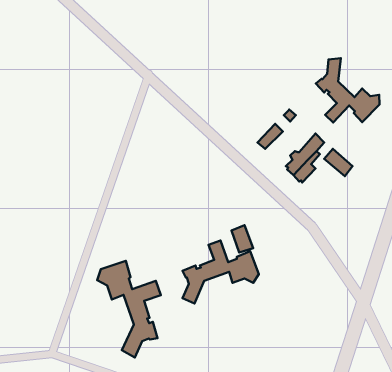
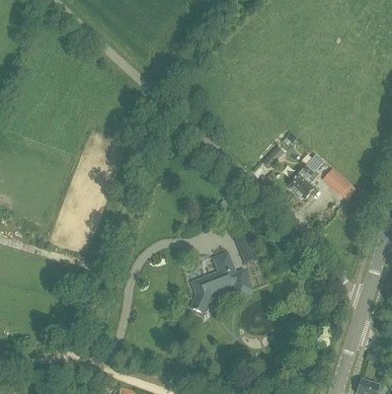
building: [316,58,380,123] -> none
building: [97,261,161,357] -> none

